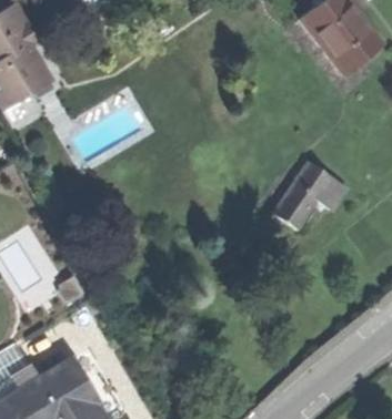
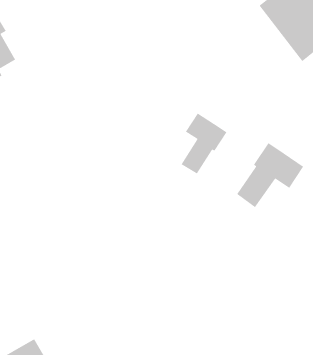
building: none -> [181,113,228,175]

